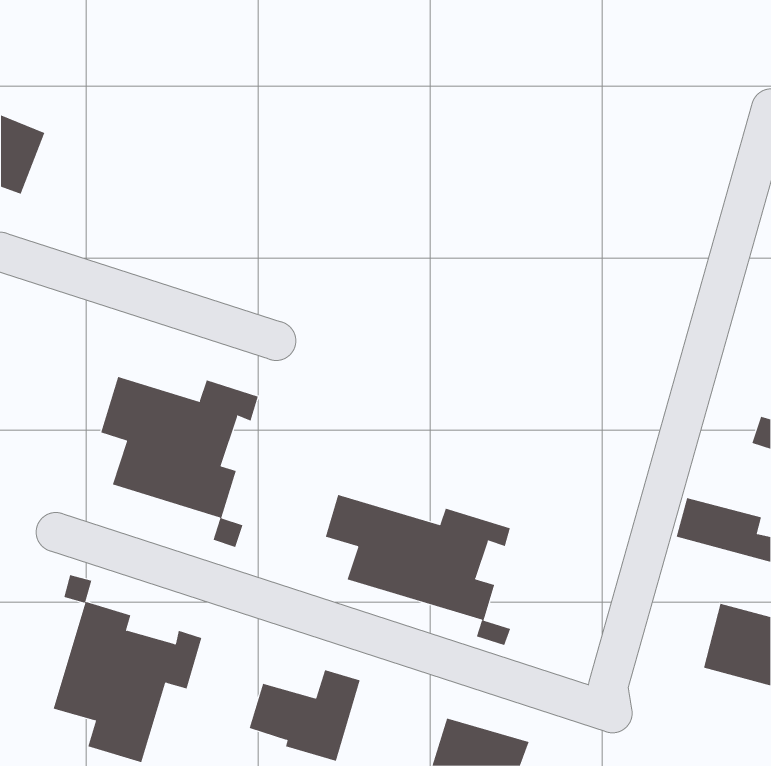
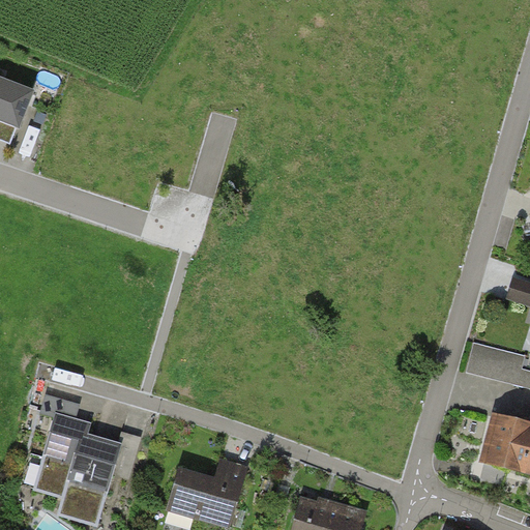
building: [100,376,258,548] -> none
building: [325,494,511,646] -> none

